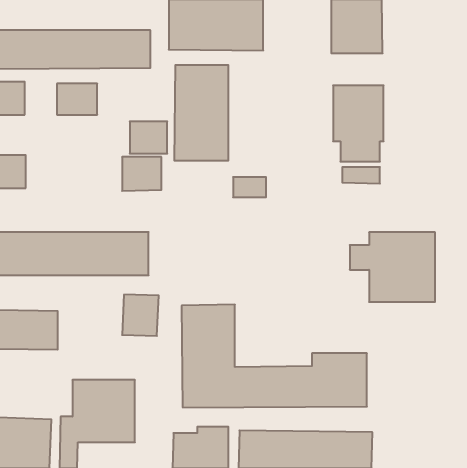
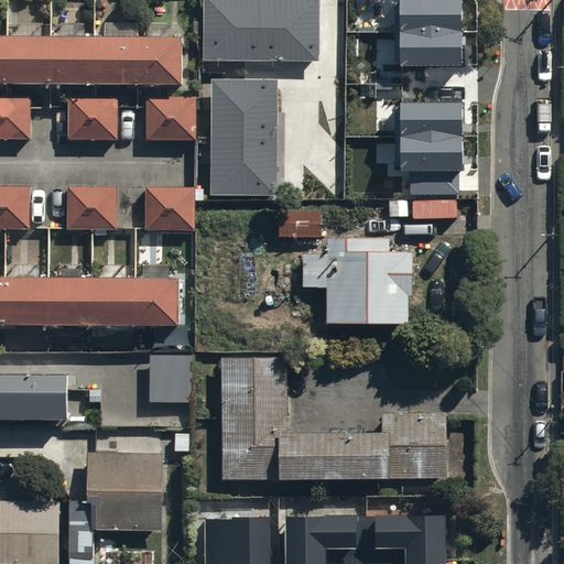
building: [130,121,167,154] -> [149,99,194,138]
building: none -> [69,186,116,229]
building: [350,232,435,302] -> [303,242,405,326]

